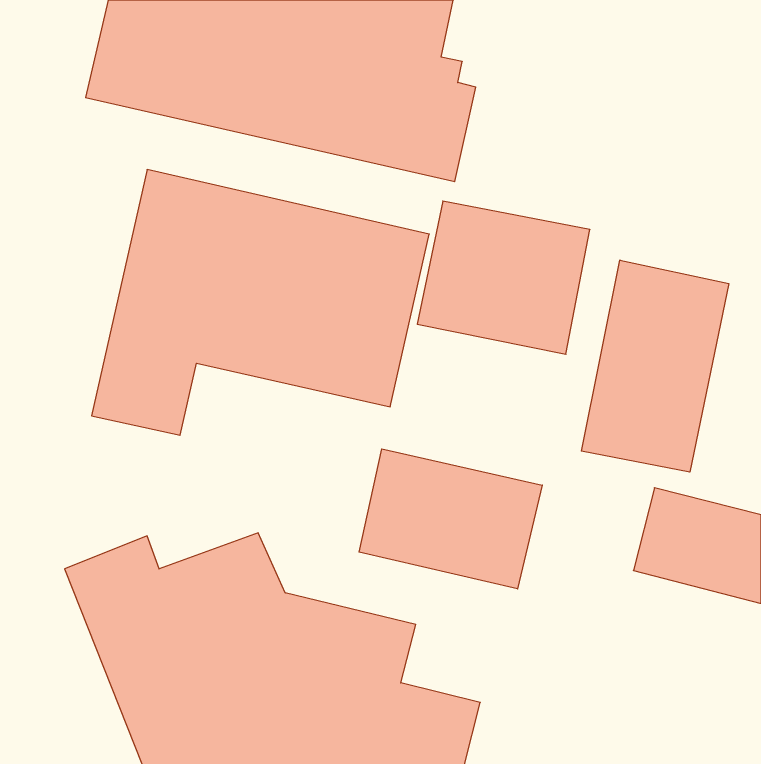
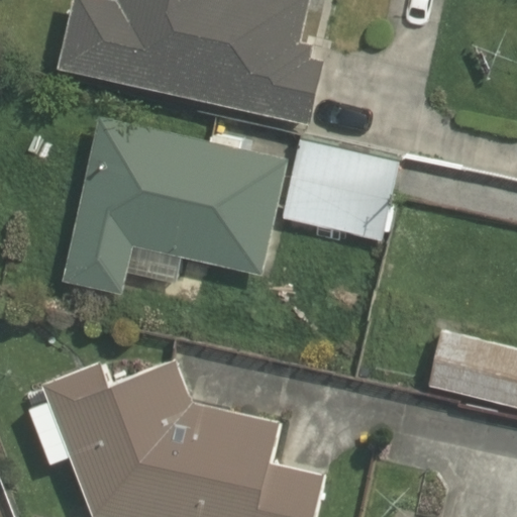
building: [581,260,729,472] -> none
building: [359,449,542,589] -> none

